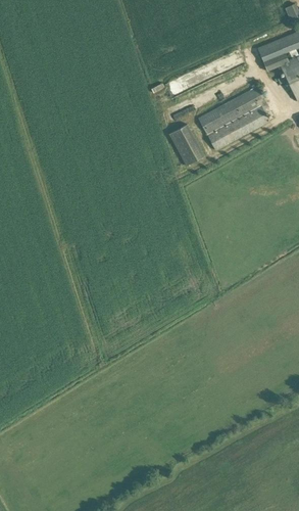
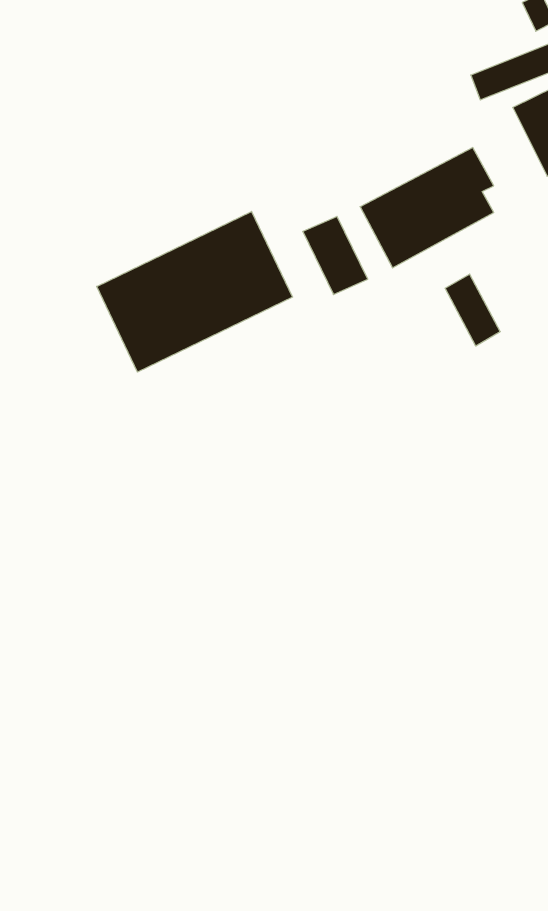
building: none -> [97,211,292,372]
building: none -> [445,274,500,346]

